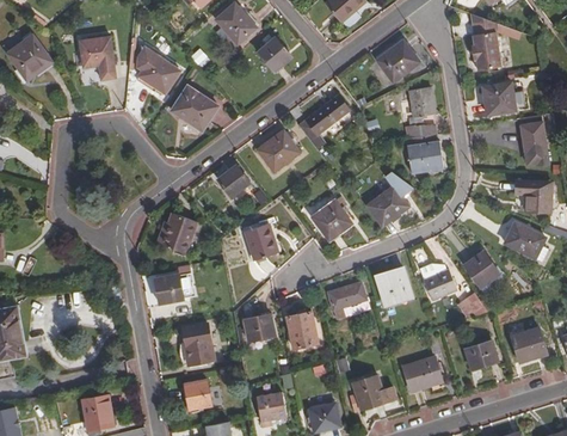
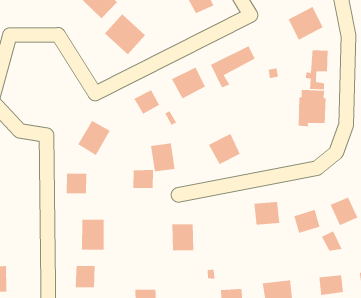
building: [362,172,411,231] -> none
building: [325,282,362,318] -> none
building: [242,317,270,343] -> [133,169,154,189]

